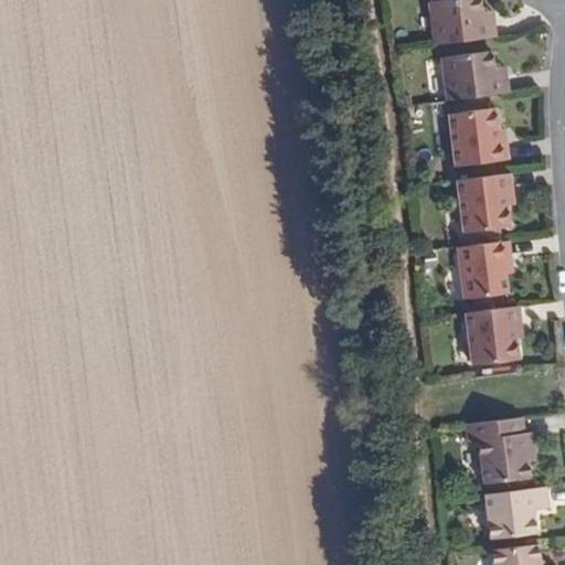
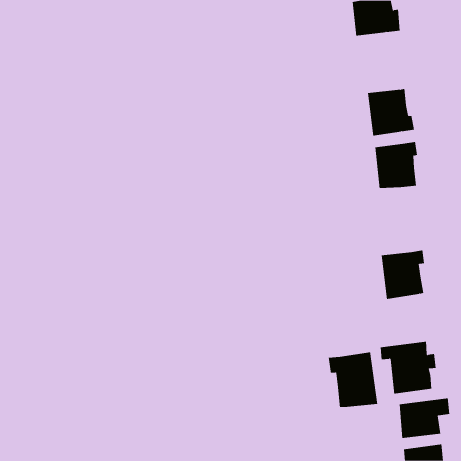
building: [441,51,502,100] -> none
building: [458,241,509,298] -> none
building: none -> [328,352,378,408]

